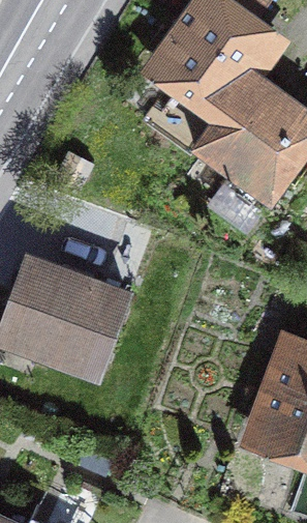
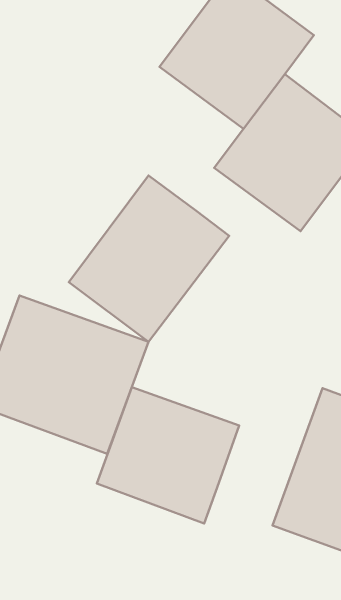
building: none -> [69,176,229,342]
building: none -> [97,387,239,524]

